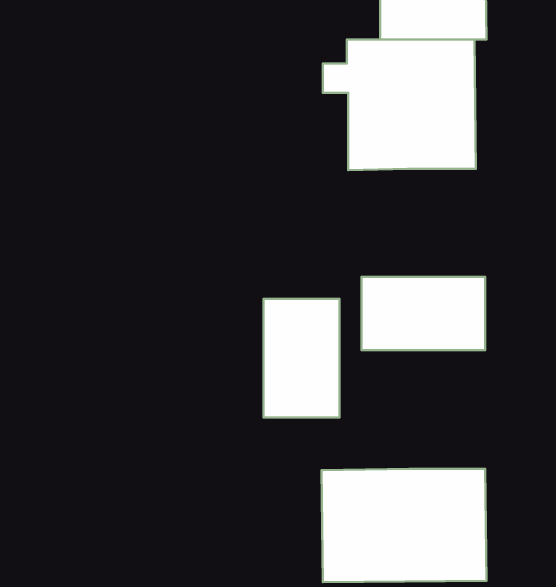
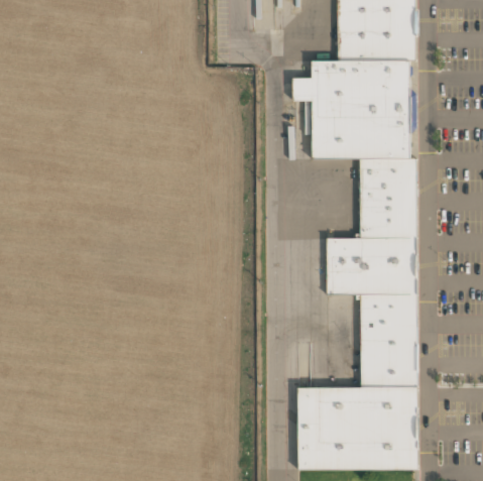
building: none -> [359,157,417,239]
building: [264,299,339,417] -> [360,294,417,384]

